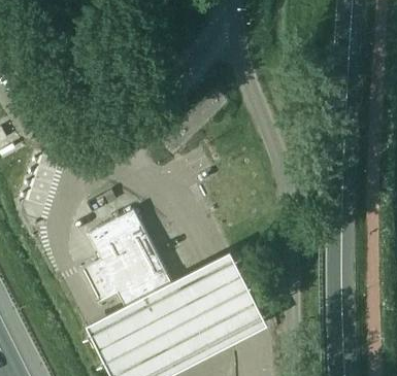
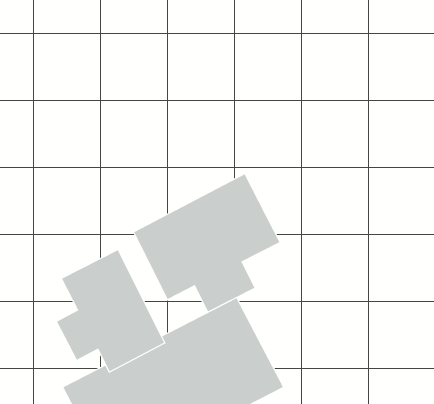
building: none -> [133,173,280,312]

